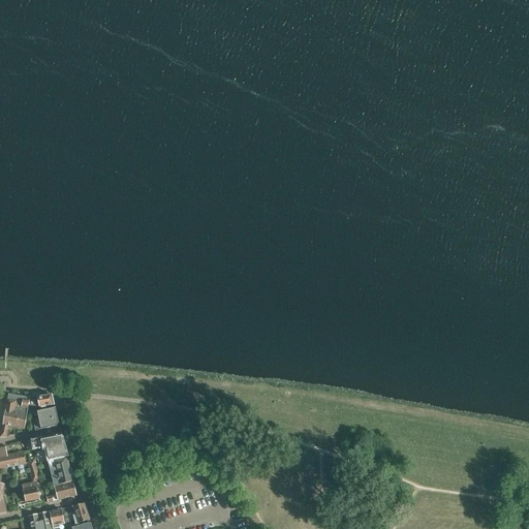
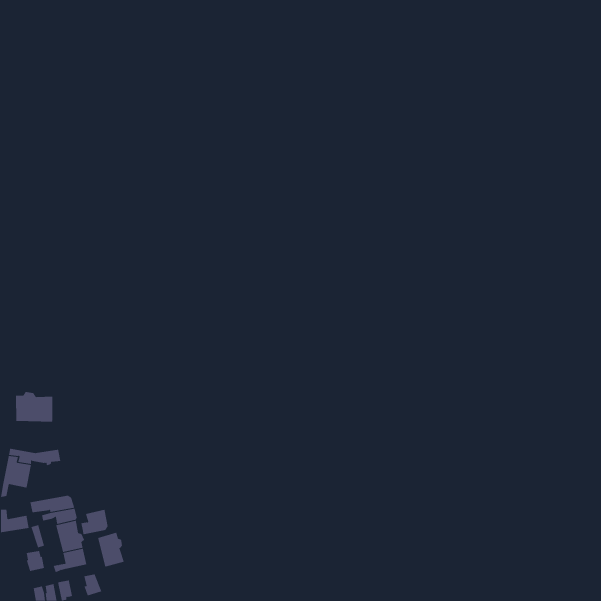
building: none -> [16,391,53,422]
building: [33,408,58,431] -> [80,509,109,535]
building: none -> [97,532,124,568]

